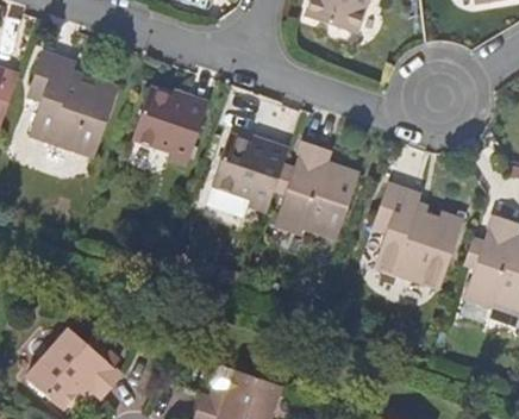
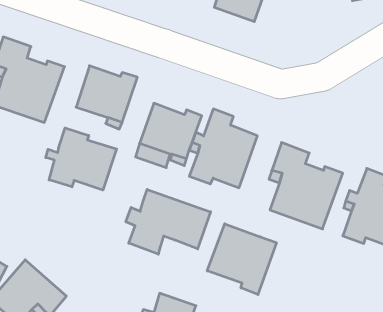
building: none -> [46,128,117,190]
building: none -> [126,189,211,254]
building: none -> [207,224,276,295]

